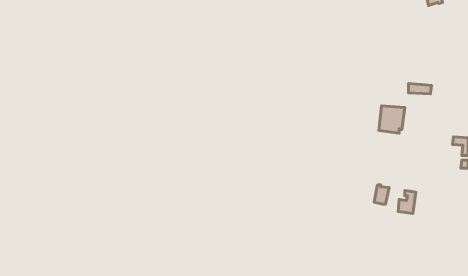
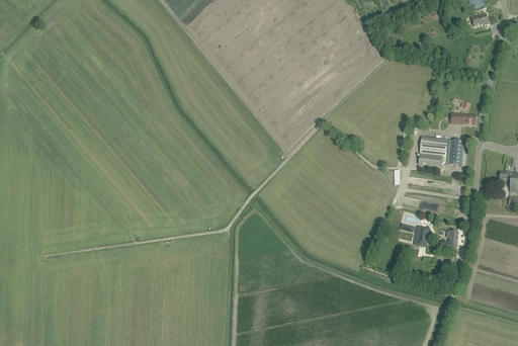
building: none -> [443,139,467,165]

